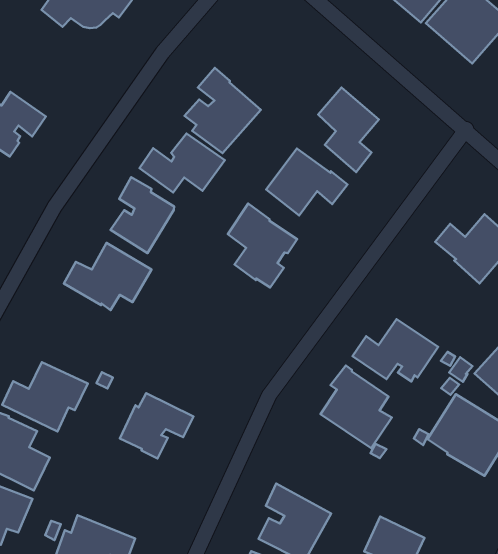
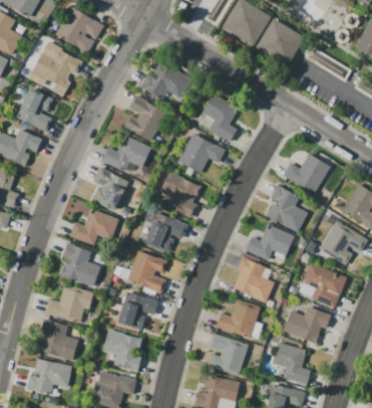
building: none -> [140,60,191,99]
building: none -> [16,87,53,132]
building: none -> [266,184,308,232]
building: none -> [144,209,188,253]
building: none -> [60,241,100,286]
building: none -> [118,250,167,293]
building: none -> [216,299,263,340]
building: none -> [102,329,142,371]
building: none -> [283,307,331,343]

